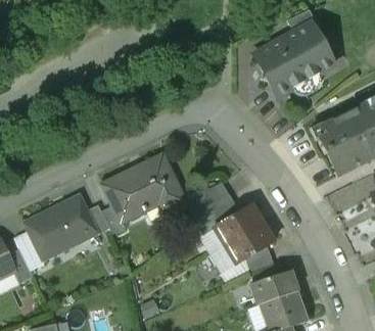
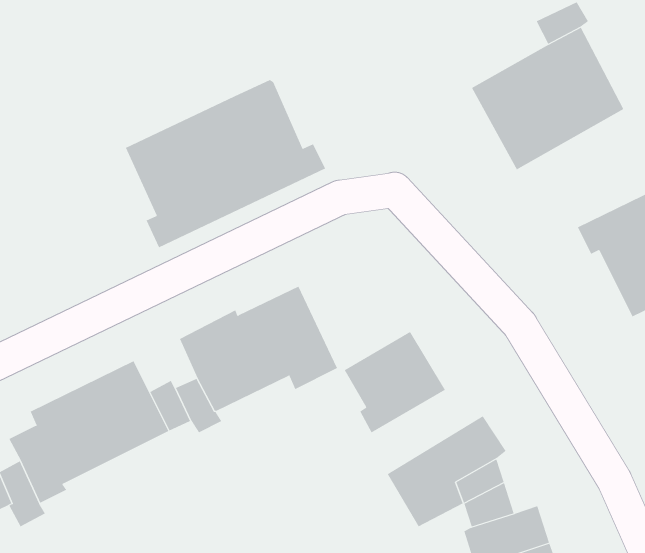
building: none -> [125,79,326,248]
building: [199,205,261,255] -> none

